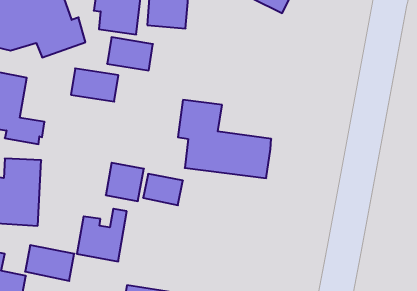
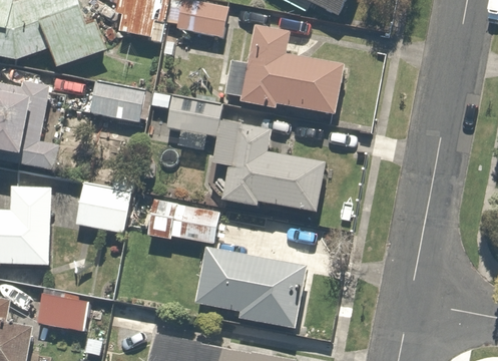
building: none -> [243,27,345,111]
building: [107,37,153,70] -> [166,95,220,134]
building: none -> [194,246,310,330]
building: [77,209,127,261] -> [74,170,133,233]

